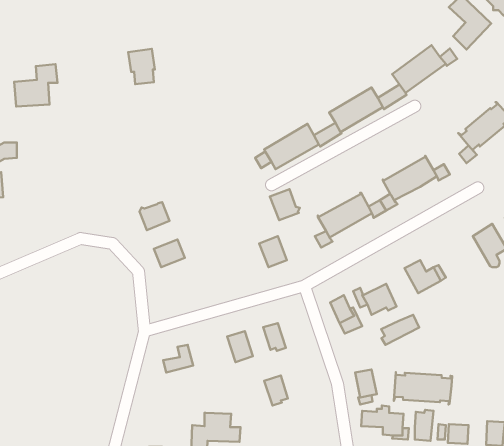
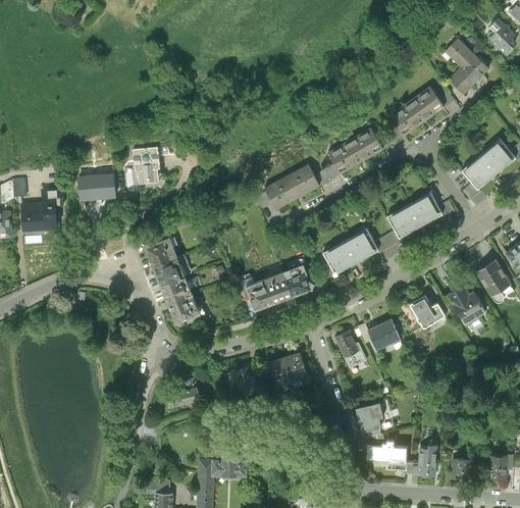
building: [128,49,155,84] -> [133,146,159,181]
building: [14,64,58,107] -> [19,187,62,228]
building: none -> [76,171,116,200]
building: [270,189,300,220] -> [282,265,312,296]
building: none -> [153,257,184,285]
building: none -> [246,280,273,310]
building: none -> [447,286,484,326]
building: none -> [167,294,202,324]
building: [381,315,419,345] -> none
building: [394,372,452,404] -> none
building: [264,376,288,406] -> [282,353,306,383]

